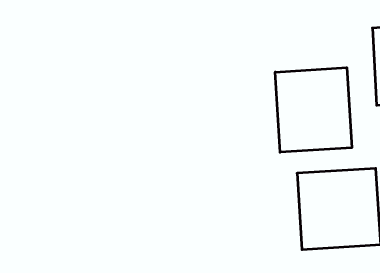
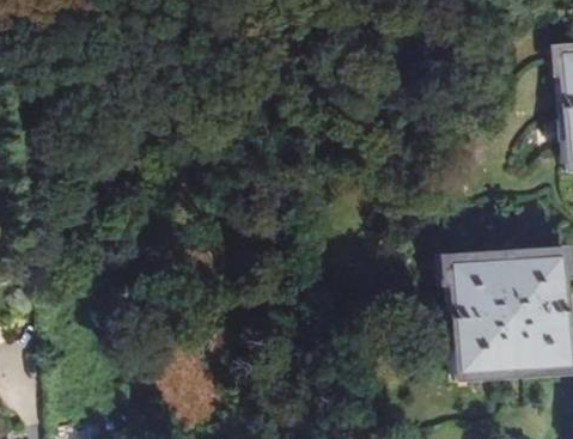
building: [275,68,352,152] -> none

